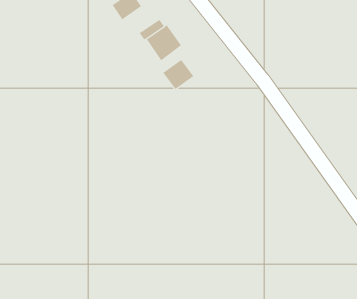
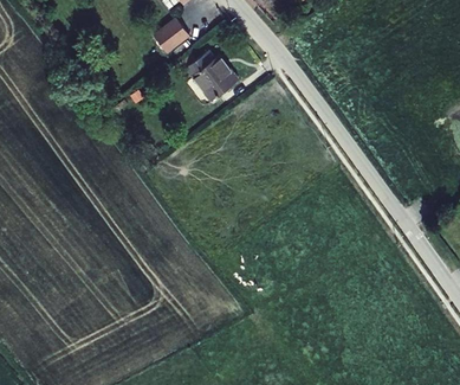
building: [163,59,194,90] -> none

